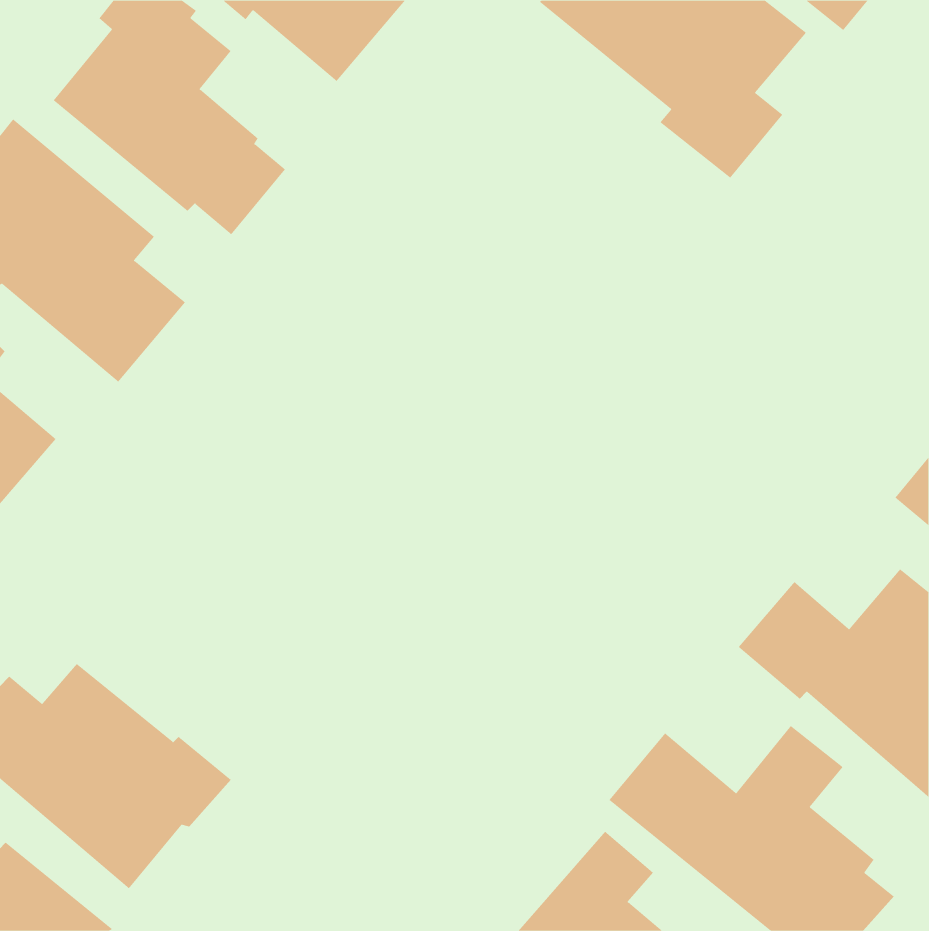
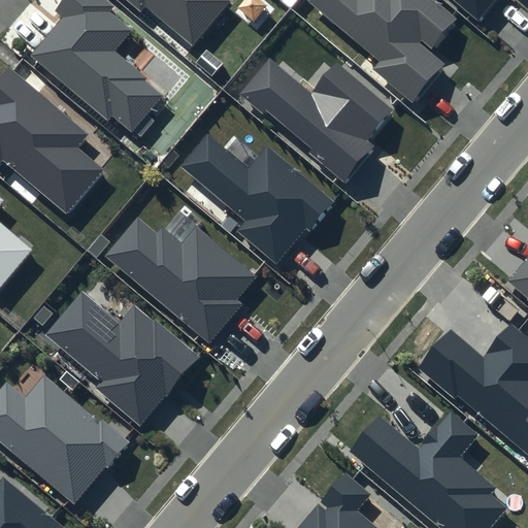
building: none -> [235,54,395,183]
building: none -> [179,134,334,263]
building: none -> [105,220,255,342]
building: none -> [44,291,195,424]

